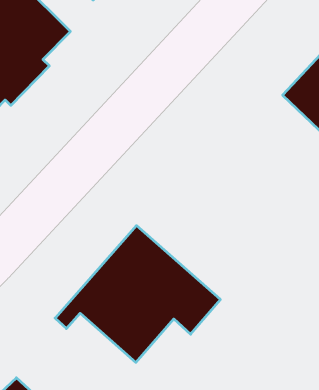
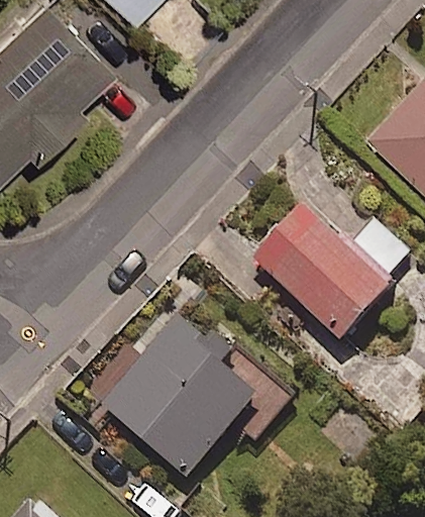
building: none -> [252,201,412,341]

